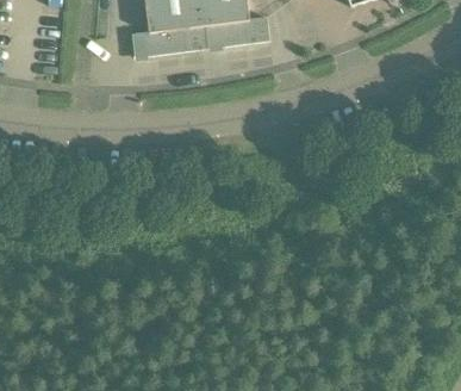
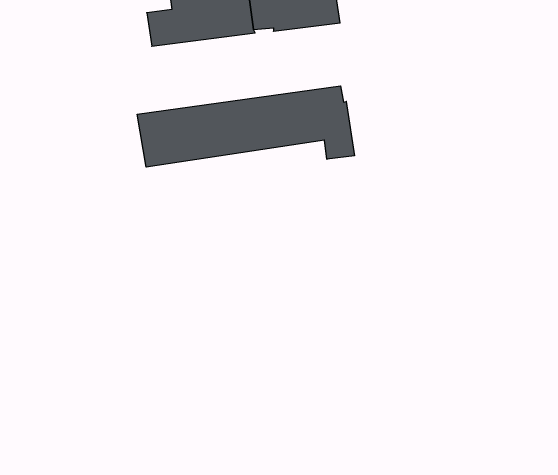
building: none -> [137,86,354,167]

